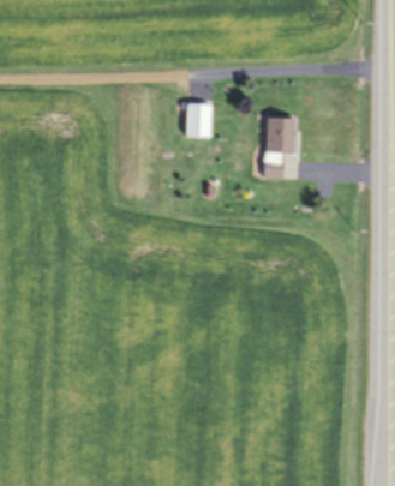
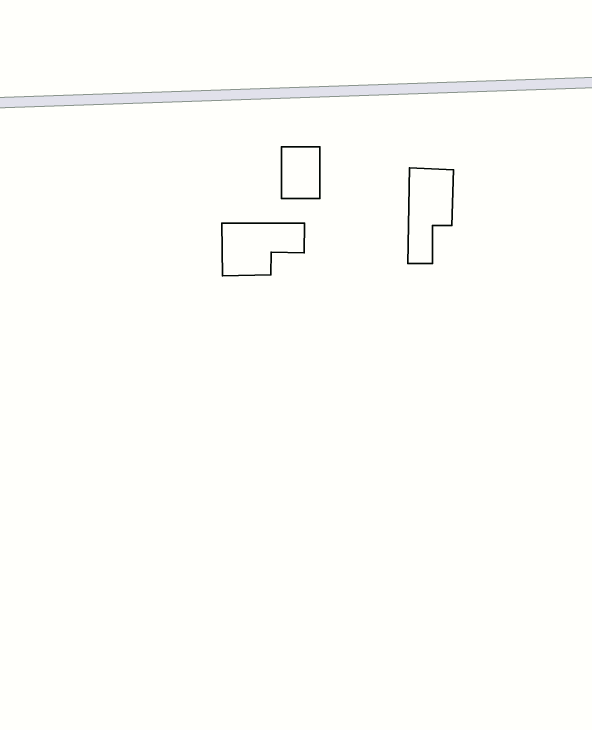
building: none -> [222,223,305,276]

